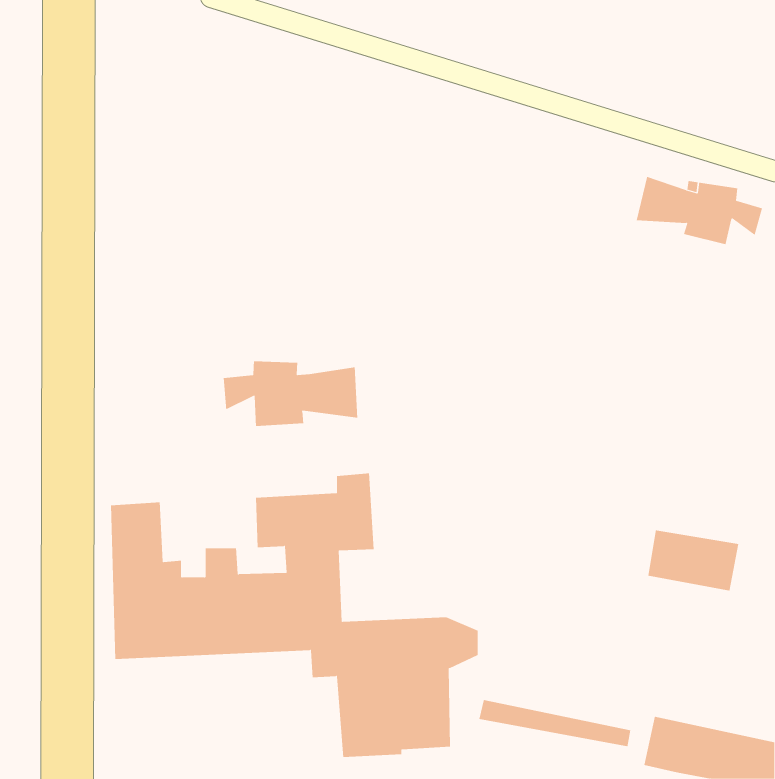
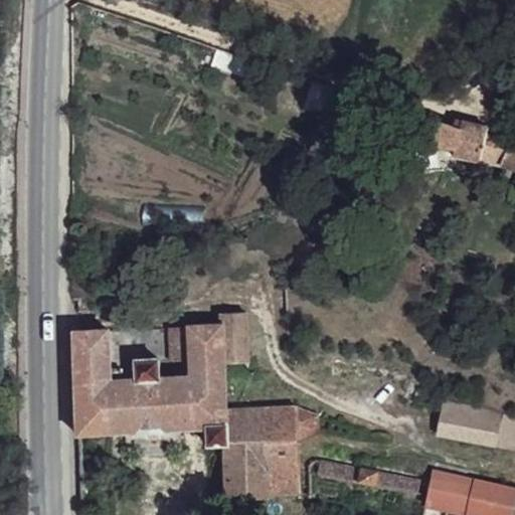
building: [223,361,358,427] -> none
building: [648,530,739,591] -> [439,403,499,444]

